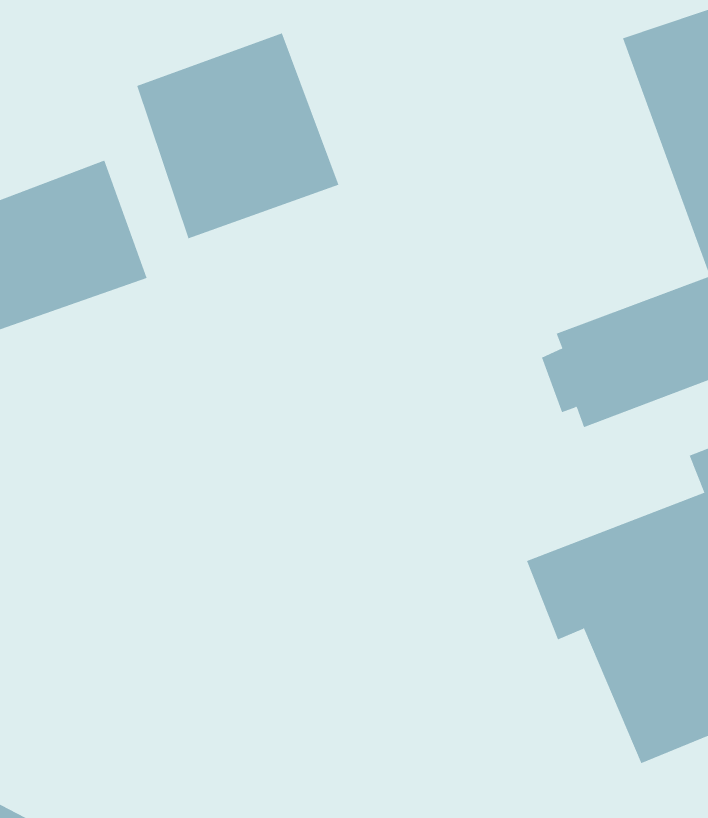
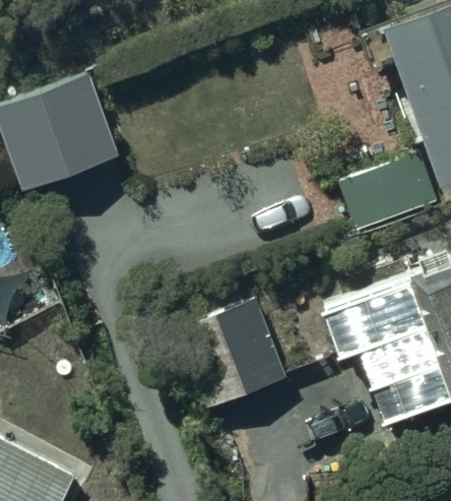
building: [136,32,339,239] -> none
building: none -> [176,301,288,413]

